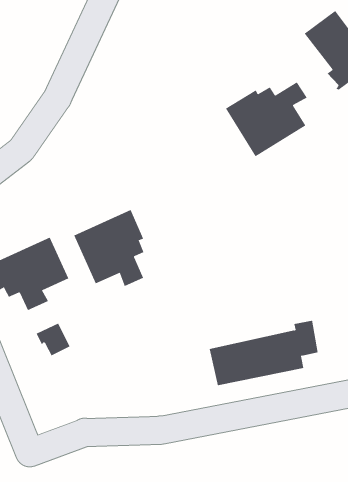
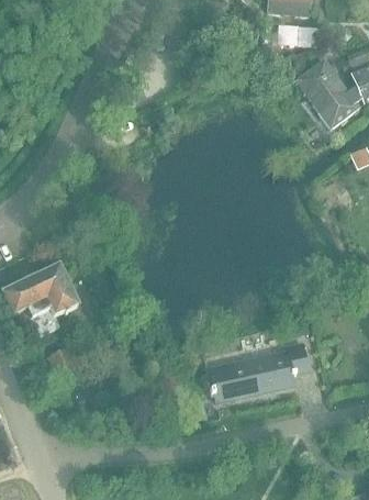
building: [225,81,307,157] -> none
building: [74,209,144,287] -> none

